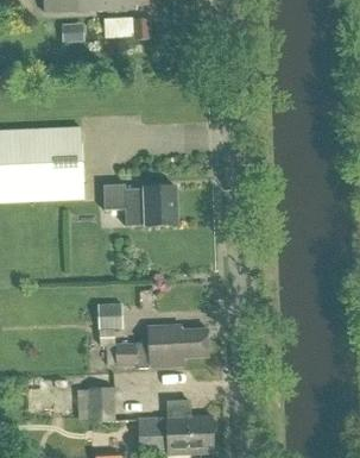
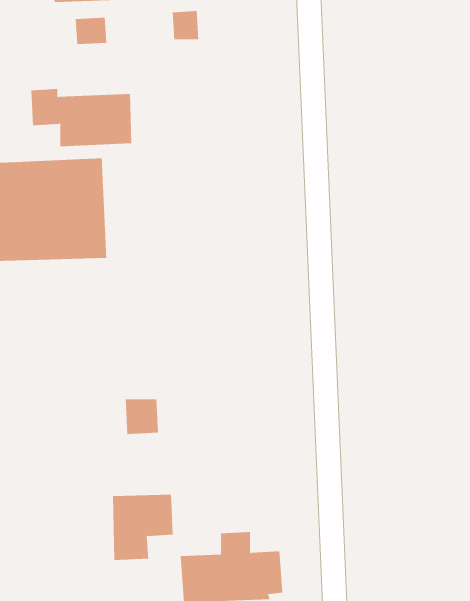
building: [103,183,178,226] -> [31,89,132,147]
building: [115,324,210,366] -> none

